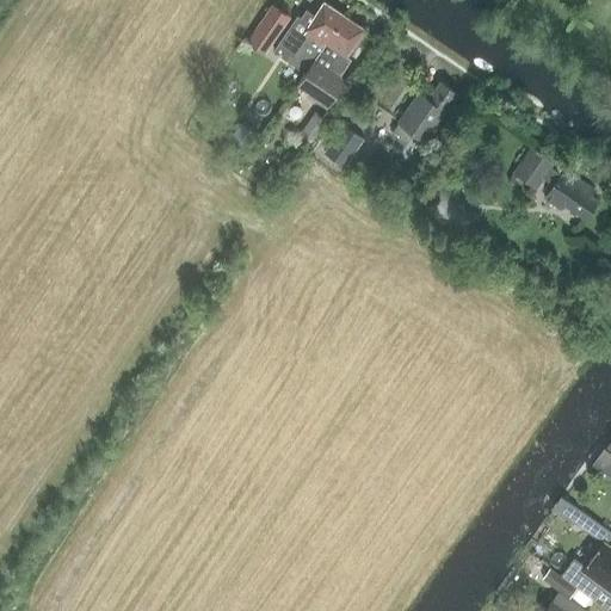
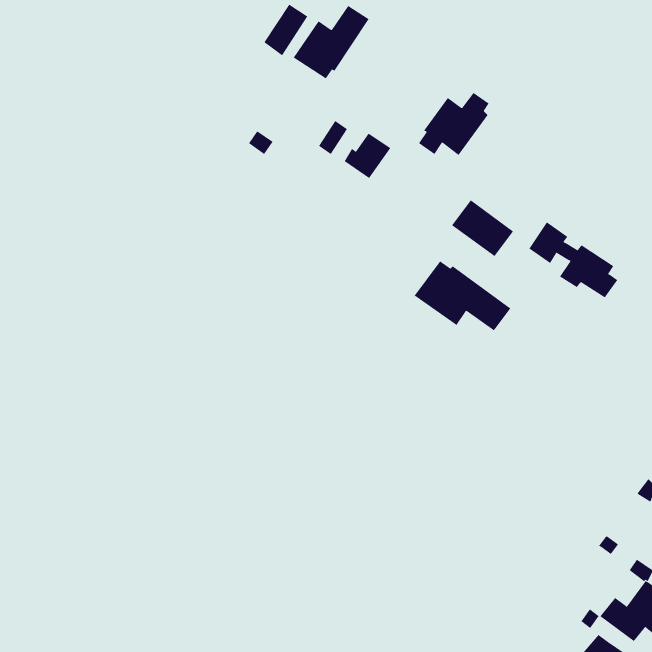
building: [303,19,365,109] -> none
building: [516,149,599,221] -> [529,221,618,298]
building: none -> [414,261,511,331]

